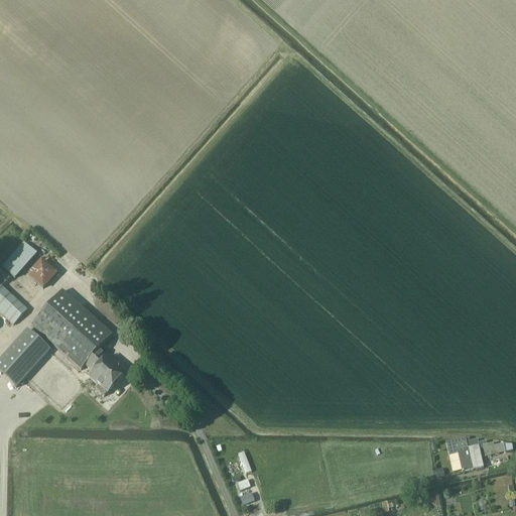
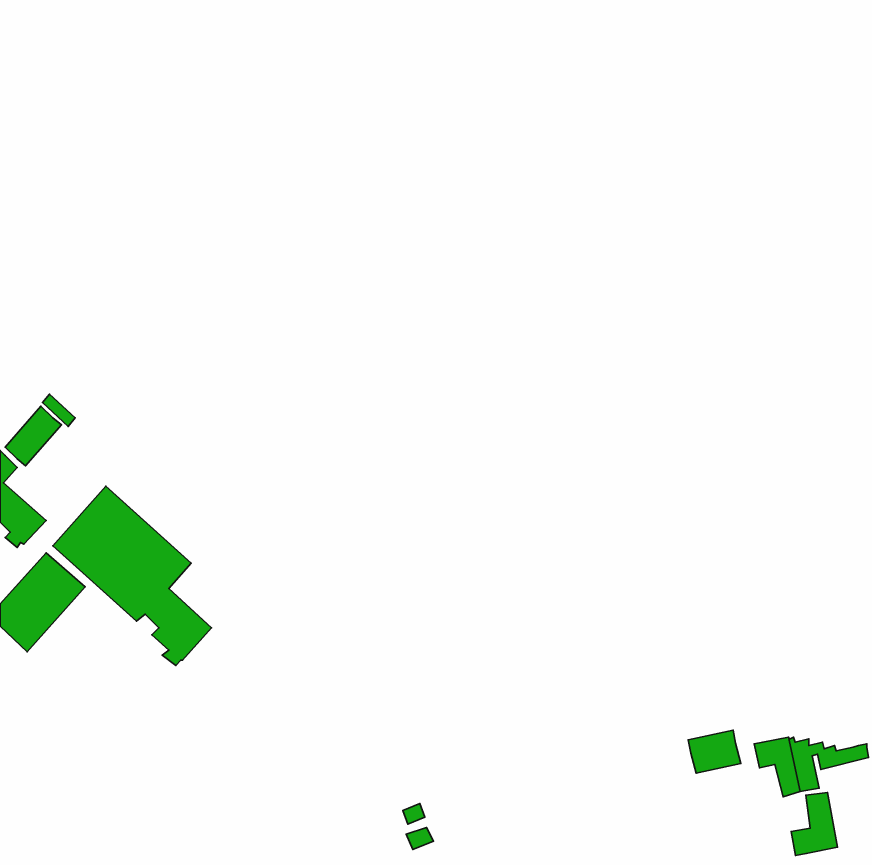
building: [26,256,57,286] -> none
building: none -> [688,730,741,773]
building: none -> [791,792,838,856]

